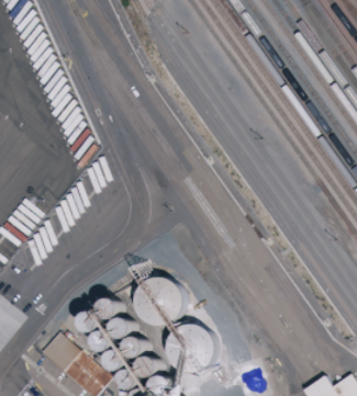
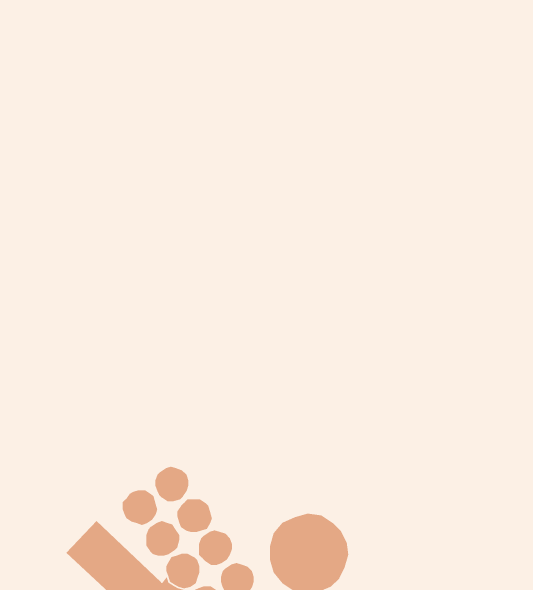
building: [133,280,181,327] -> none

